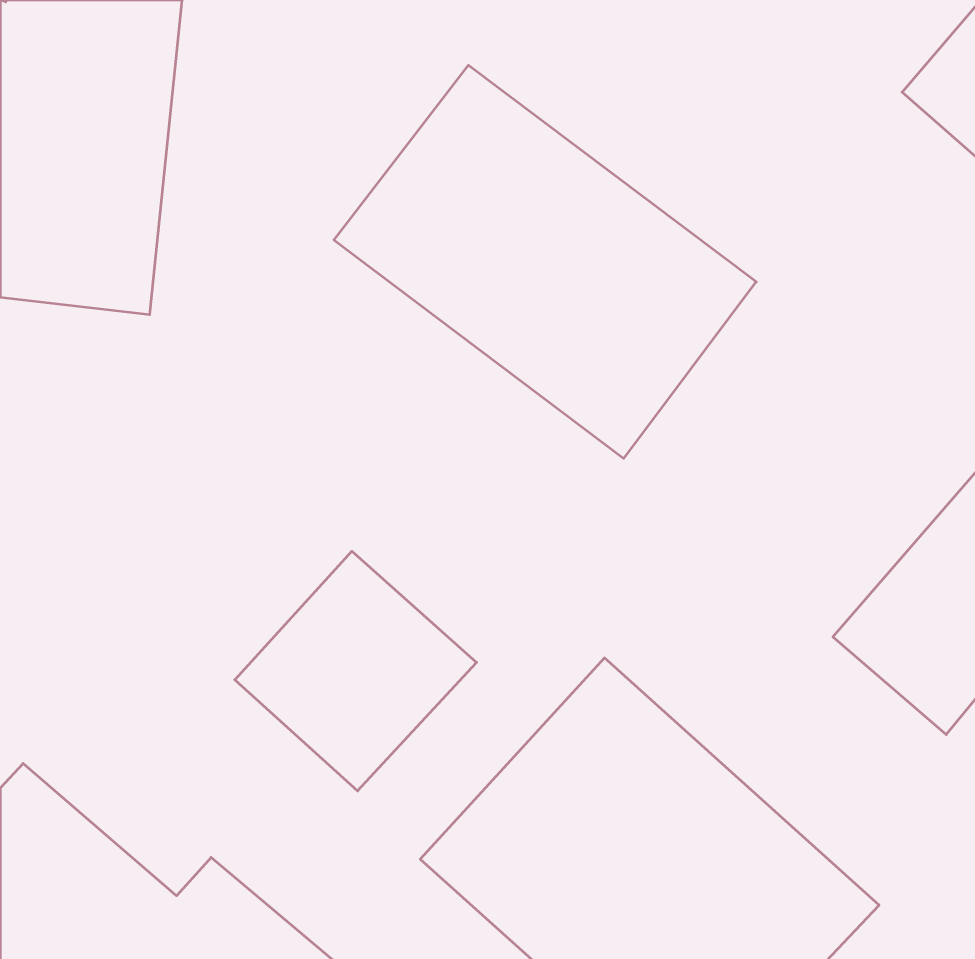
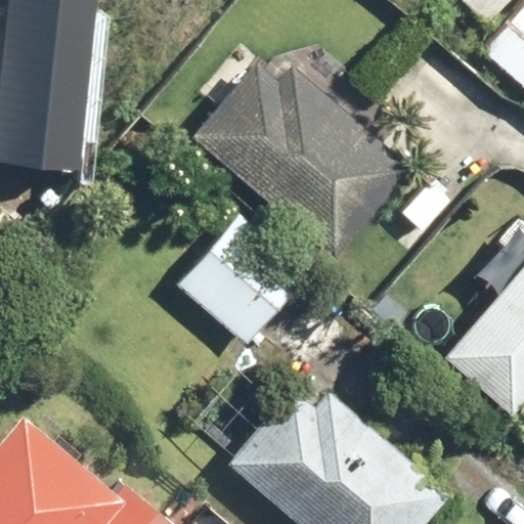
building: [235,551,477,791] -> [179,215,308,343]

